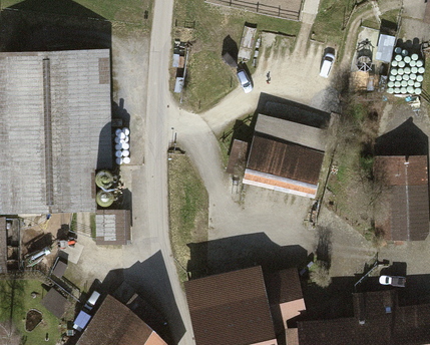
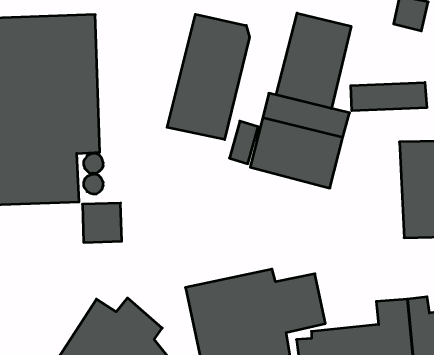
building: none -> [276,13,351,109]
building: none -> [167,14,249,140]
building: none -> [351,82,427,111]

